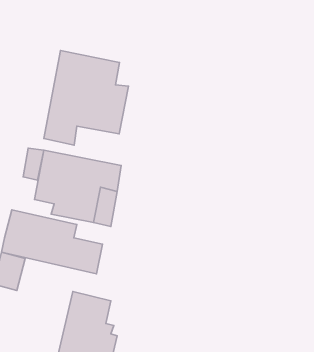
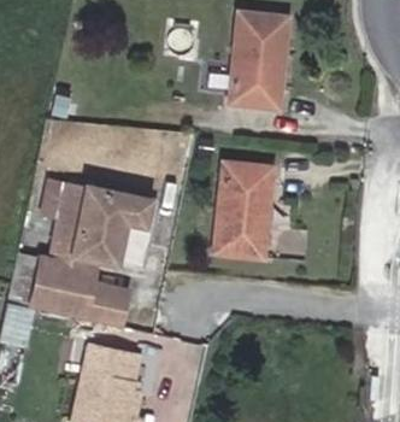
building: none -> [231,13,288,109]
building: [44,51,128,145] -> none
building: none -> [217,164,272,258]

